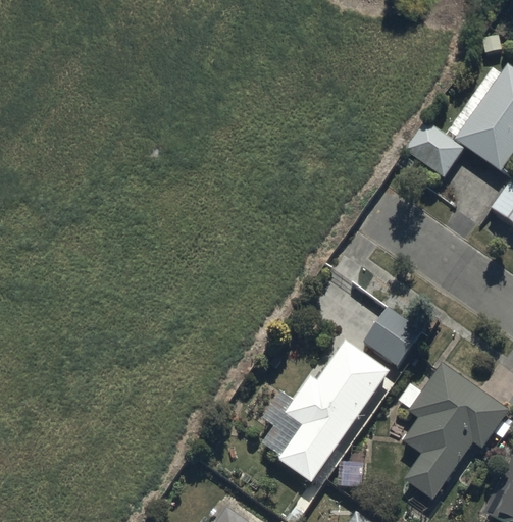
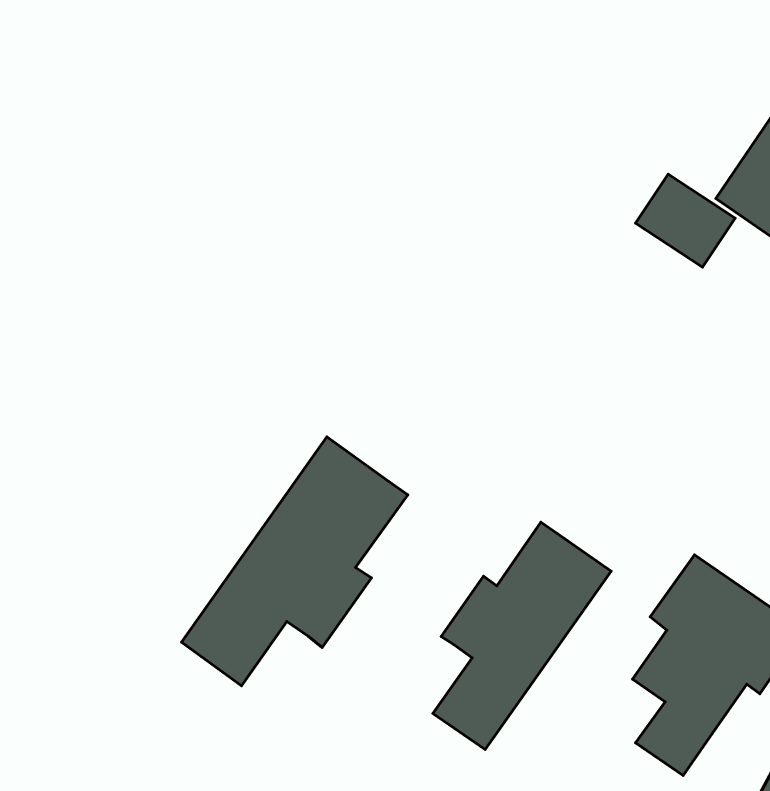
building: none -> [182,437,408,686]
building: [364,305,422,364] -> none

